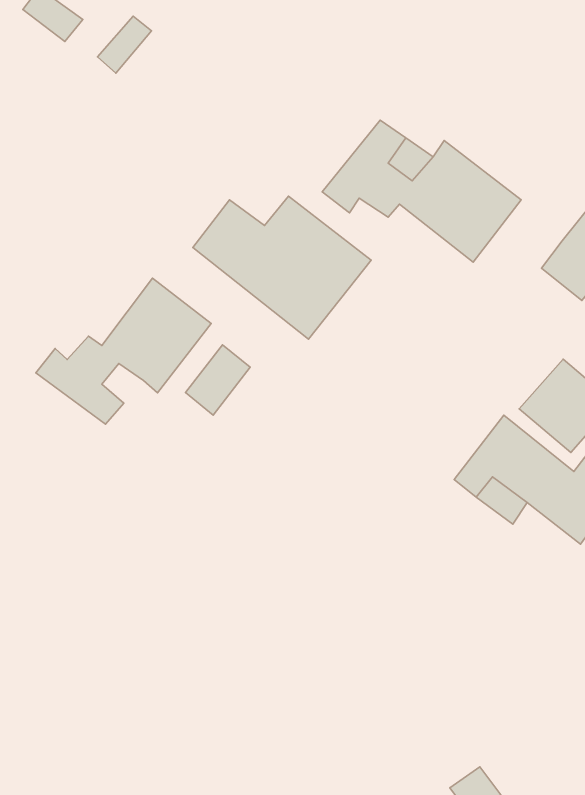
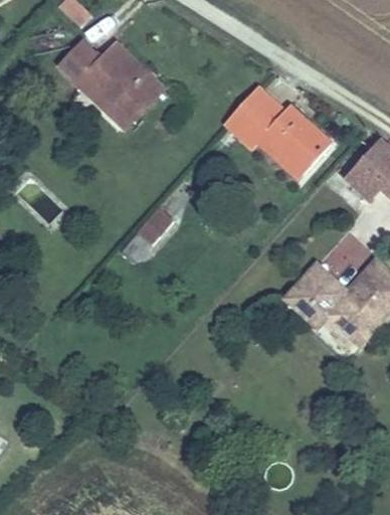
building: [193,196,371,339] -> [56,45,159,129]
building: [36,278,211,424] -> none

